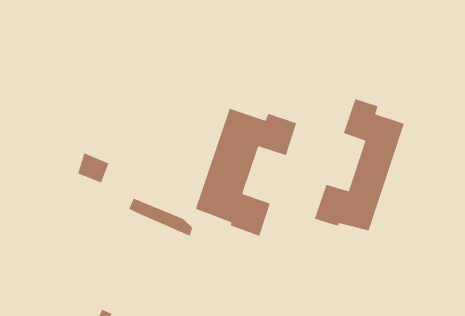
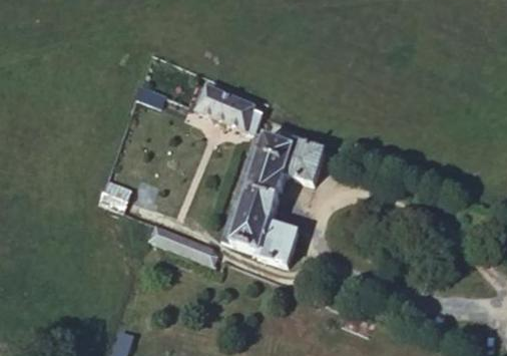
building: none -> [198,87,268,138]
building: [314,98,405,231] -> none

